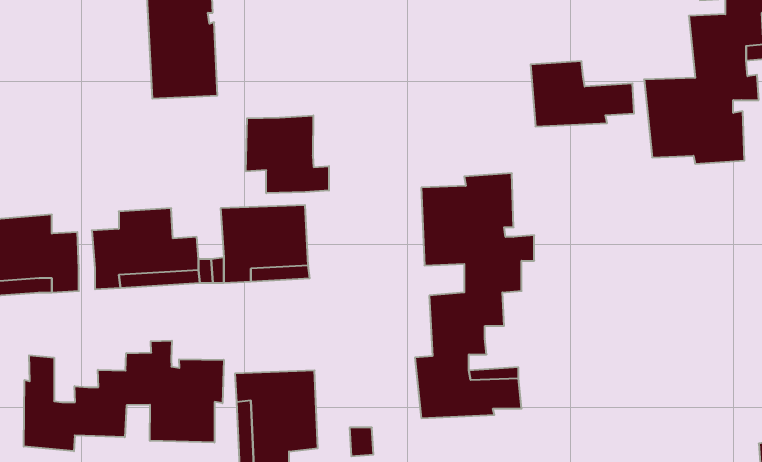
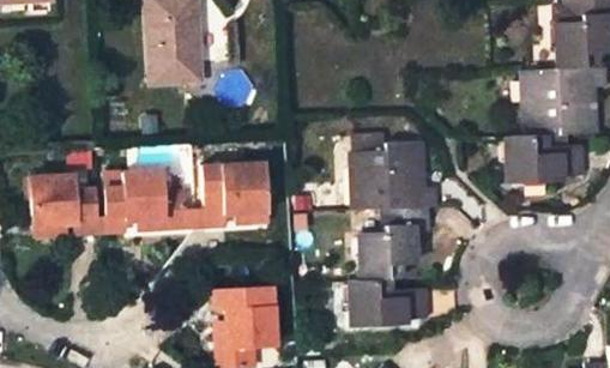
building: [531,61,634,126] -> [505,134,582,183]
building: [246,115,329,193] -> none
building: [24,341,224,451] -> none

